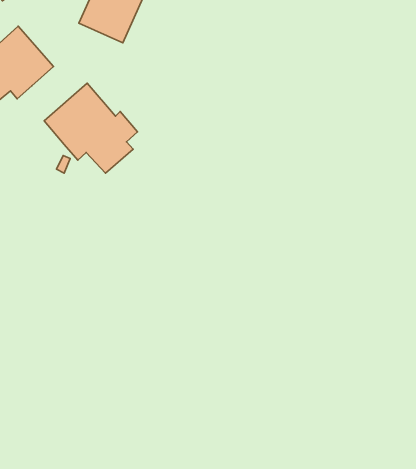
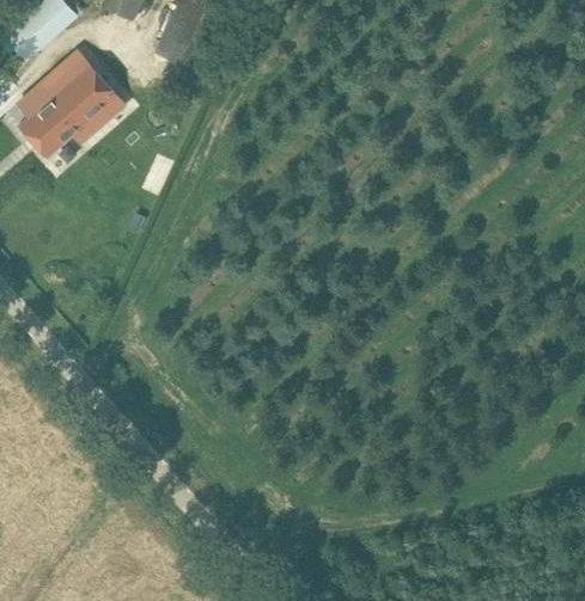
building: [44,83,137,173] -> none

